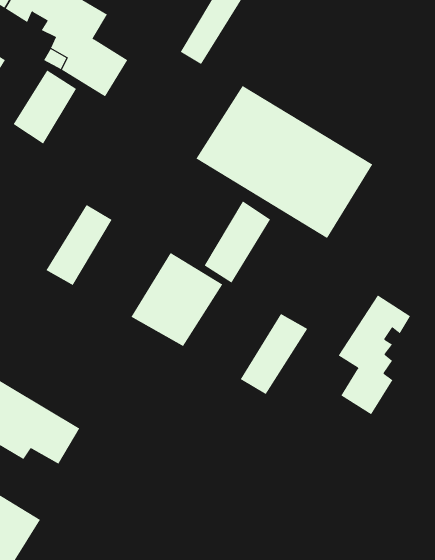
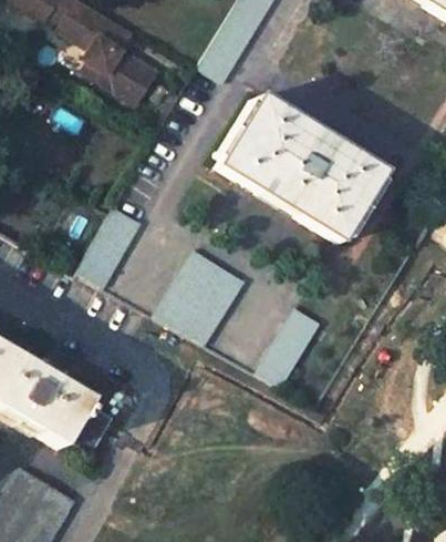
building: [13,69,77,145] -> none
building: [204,201,271,284] -> none
building: [338,294,411,415] -> none

